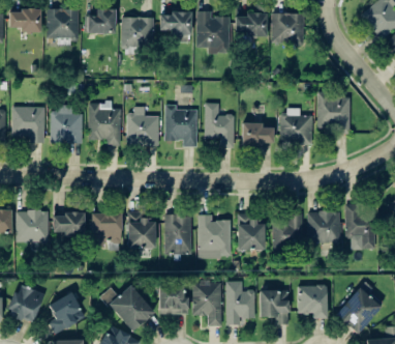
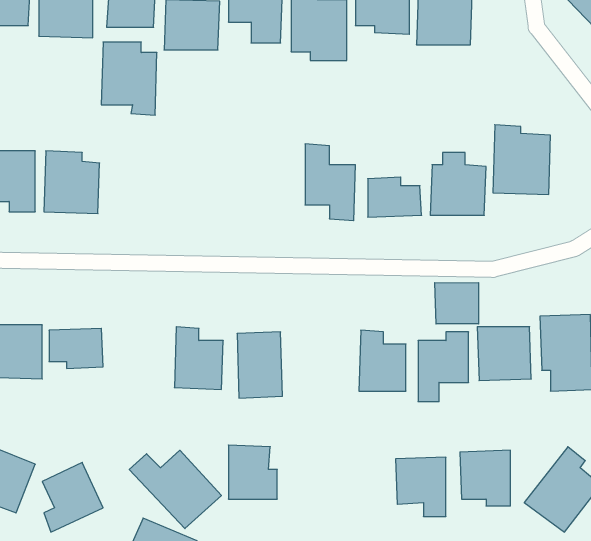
building: [88,103,121,146] -> [101,42,157,115]
building: [164,105,198,147] -> none
building: [126,107,159,146] -> none
building: none -> [435,283,479,324]
building: [91,212,122,249] -> none
building: [198,214,231,258] -> none
building: [192,281,221,326] -> none
building: [225,282,255,324] -> none

